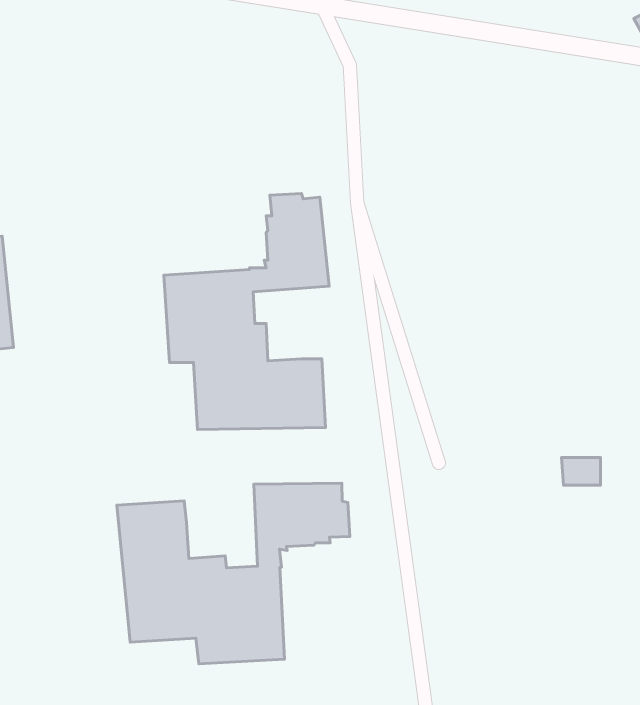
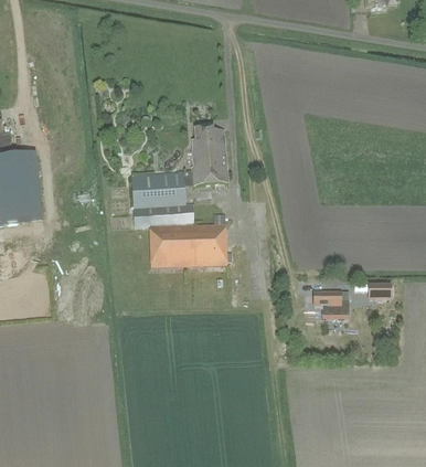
building: none -> [312,290,348,312]
building: [117,483,350,664] -> none

